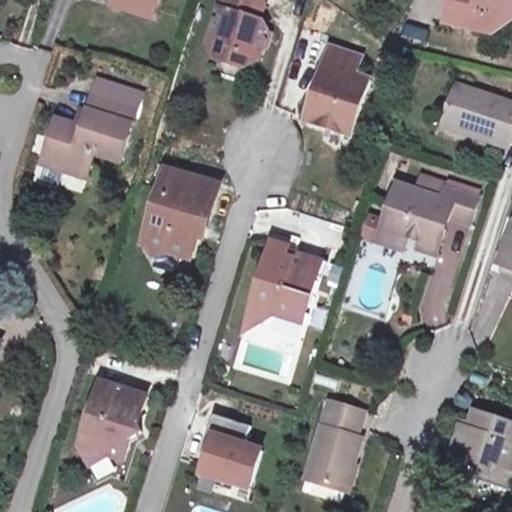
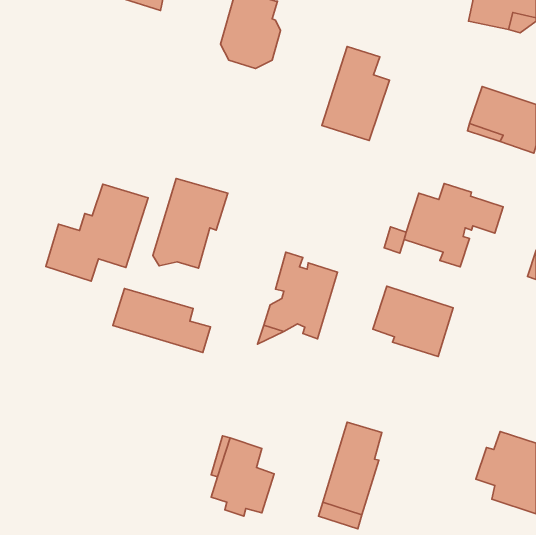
building: [43,79,140,171] -> [46,184,148,281]
building: none -> [373,286,453,356]
building: none -> [113,288,210,353]
building: [79,378,146,462] -> none

